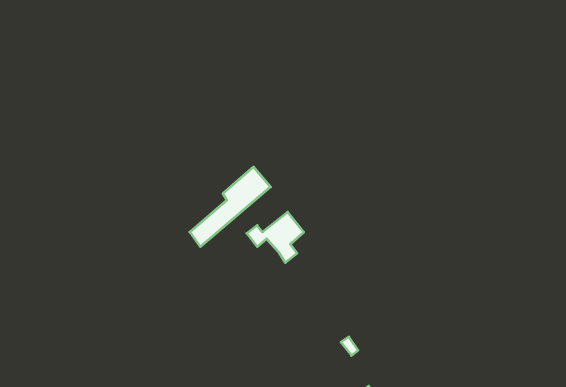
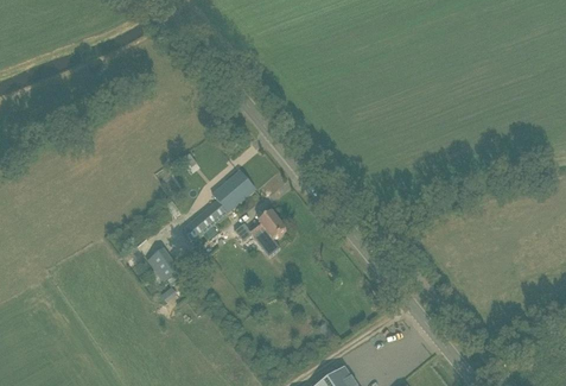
building: none -> [146,248,179,284]

